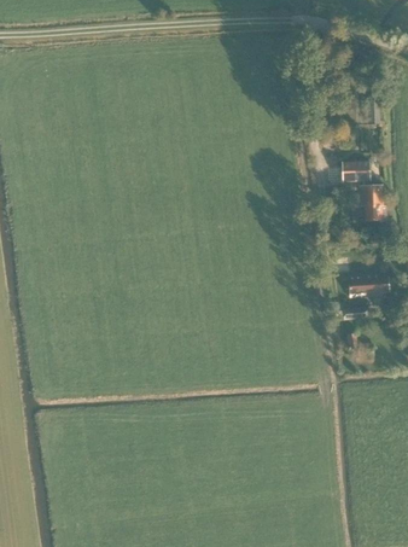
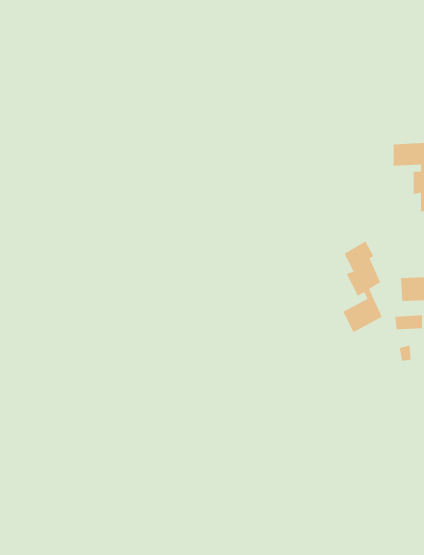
building: none -> [342,240,383,333]

